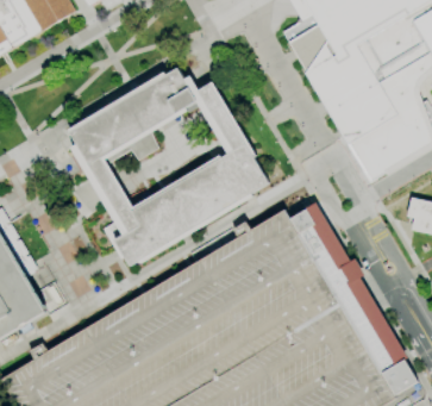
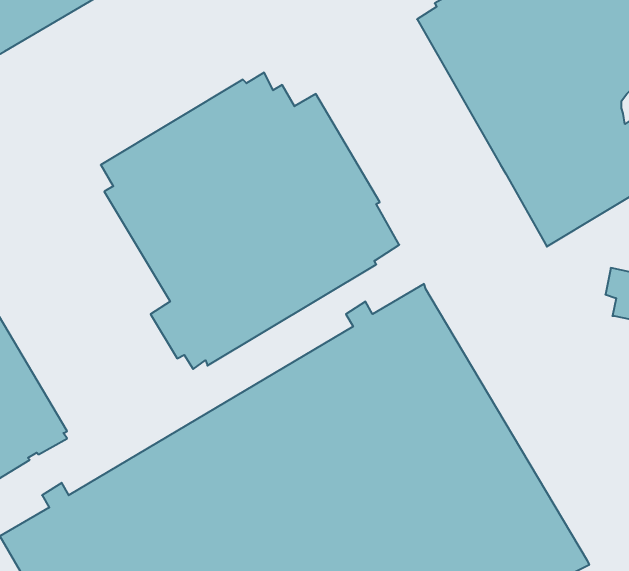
building: [290,202,418,394] -> none

